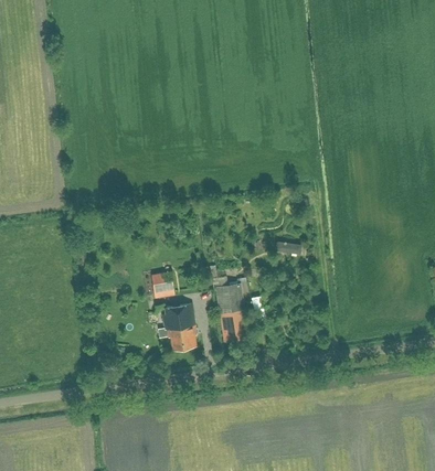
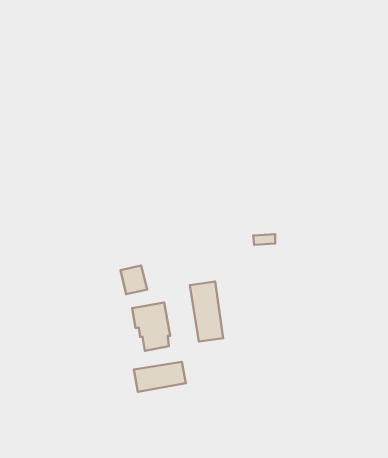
building: none -> [134,362,186,392]

